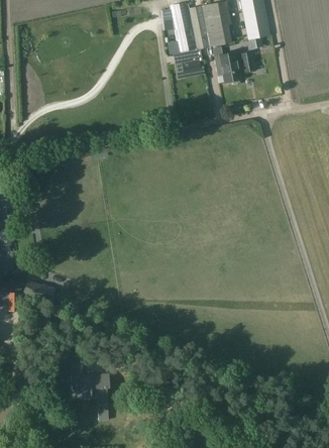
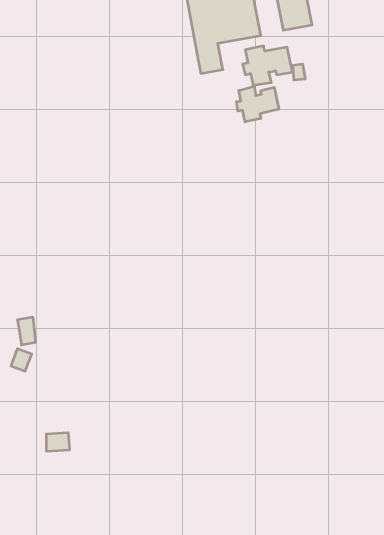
building: none -> [236,86,279,122]
building: [71,373,109,420] -> none

